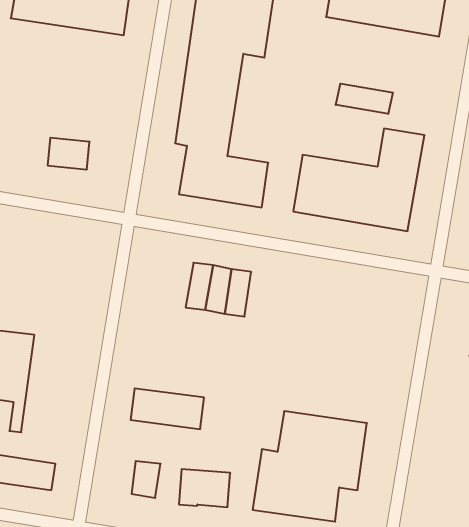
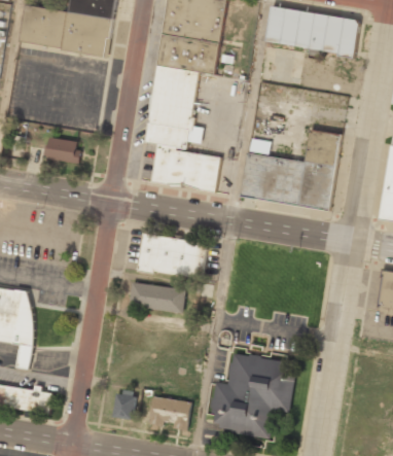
building: [336,84,393,114] -> none
building: none -> [138,233,160,274]
building: [131,388,204,429] -> [128,282,185,314]

